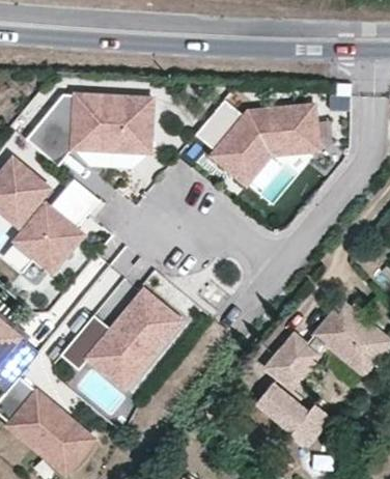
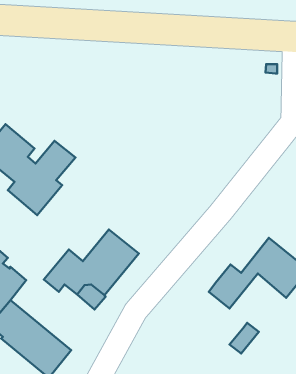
building: [27,94,151,167] -> none
building: [196,101,319,185] -> none
building: [257,384,309,432] -> none

